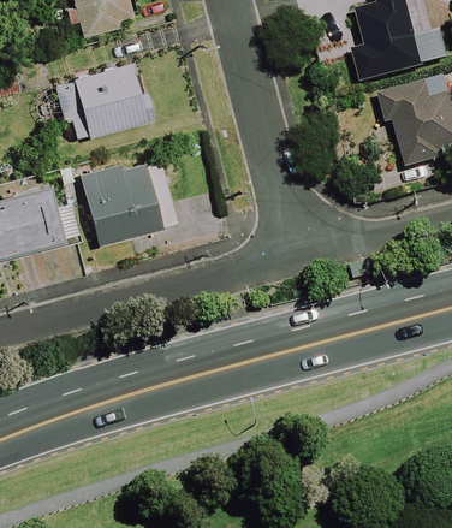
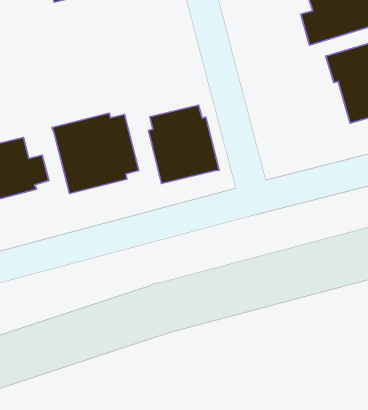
building: [63,65,156,141] -> none
building: none -> [148,105,219,184]

